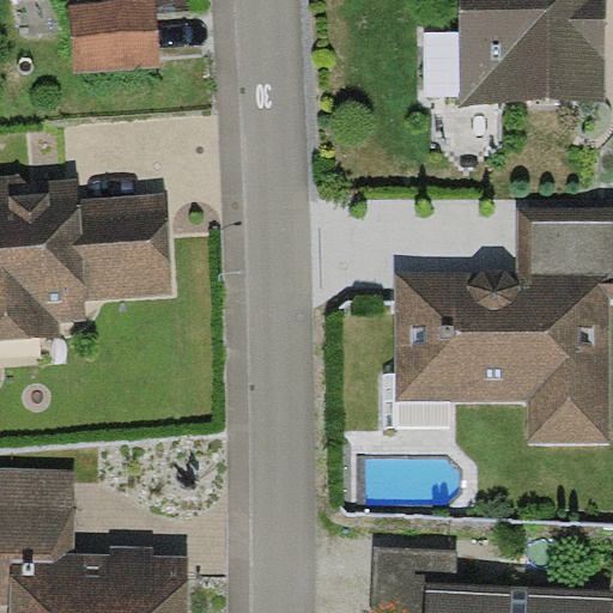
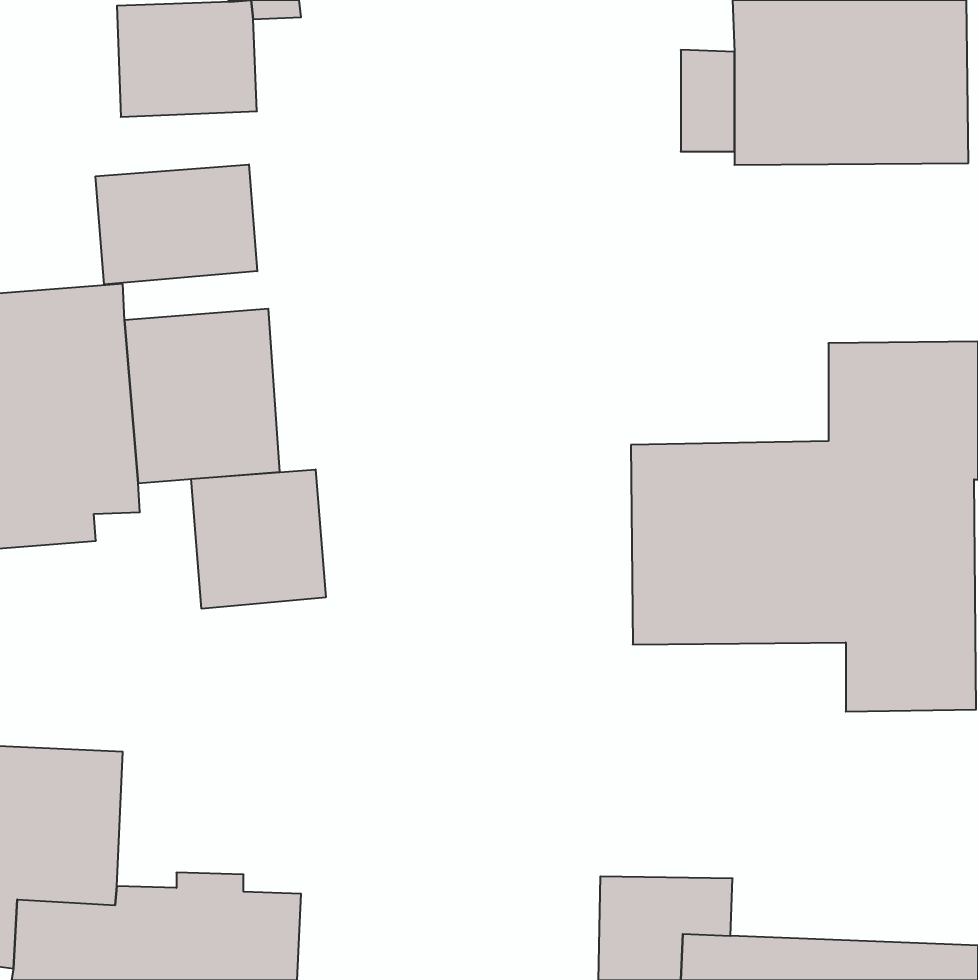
building: none -> [96,164,257,285]
building: none -> [191,469,326,609]

